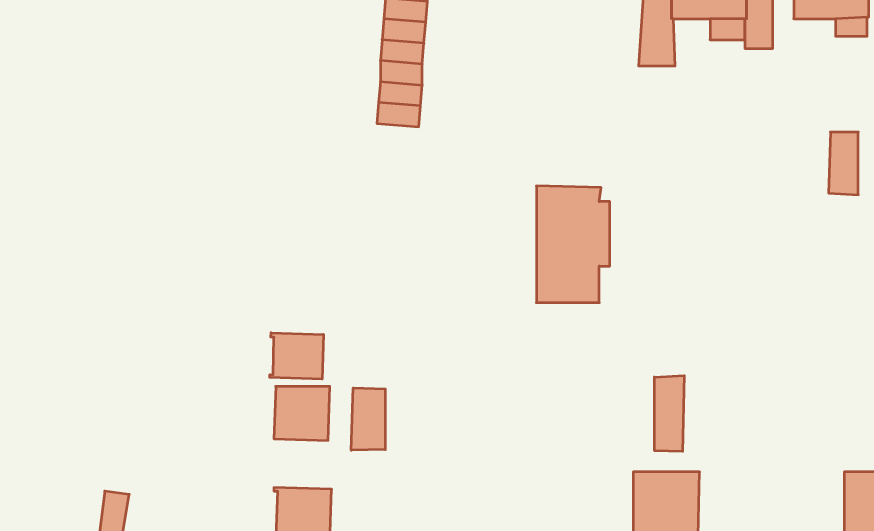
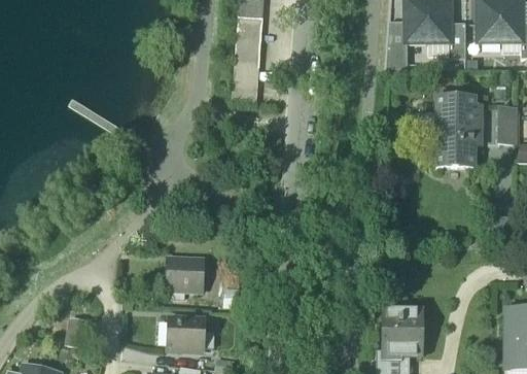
building: [536,186,610,303] -> [436,97,480,166]
building: [270,333,323,379] -> none
building: [654,376,684,451] -> none
building: [351,388,385,450] -> none

